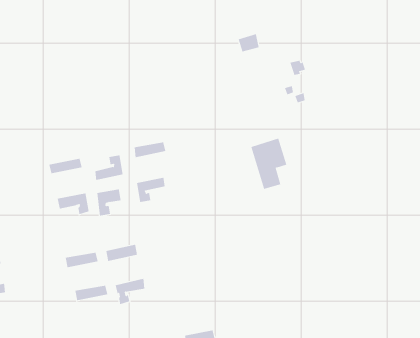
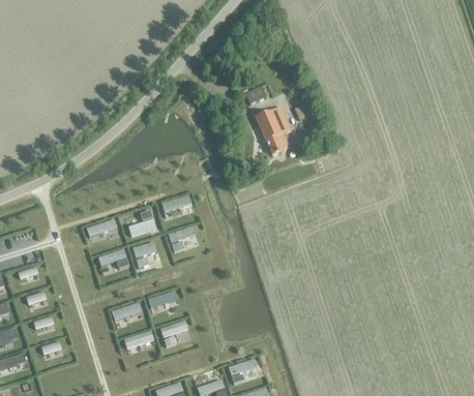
building: [251,138,287,189] -> [255,108,290,156]

